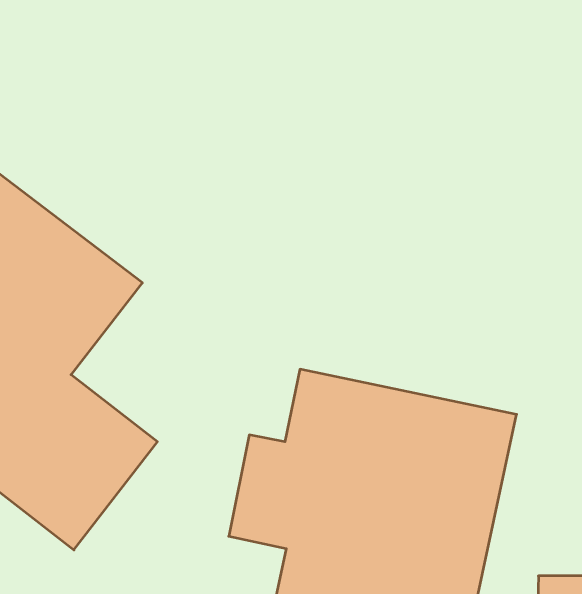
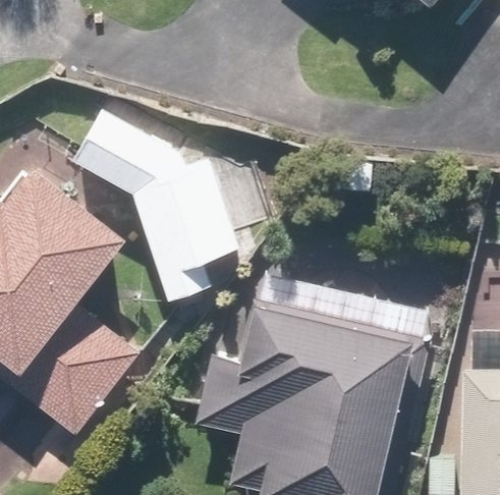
building: none -> [70,104,243,299]

